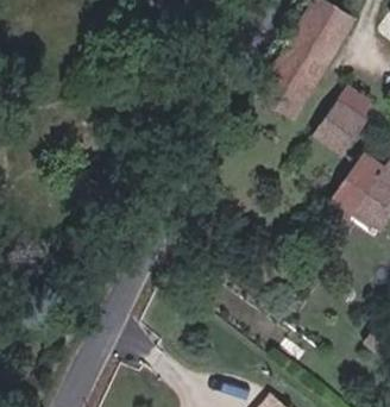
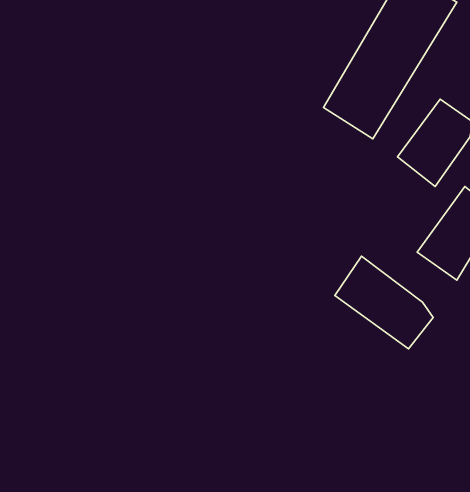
building: none -> [335,256,433,349]

